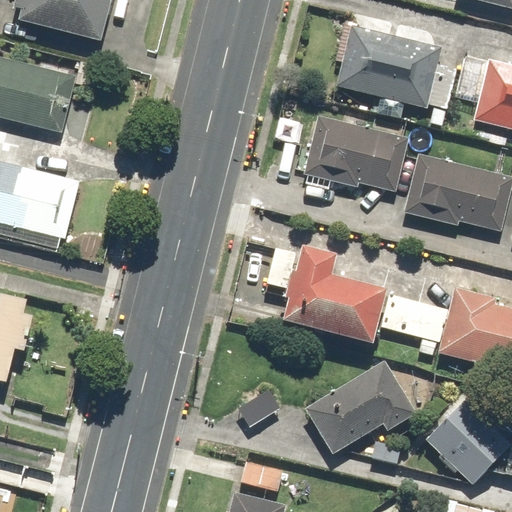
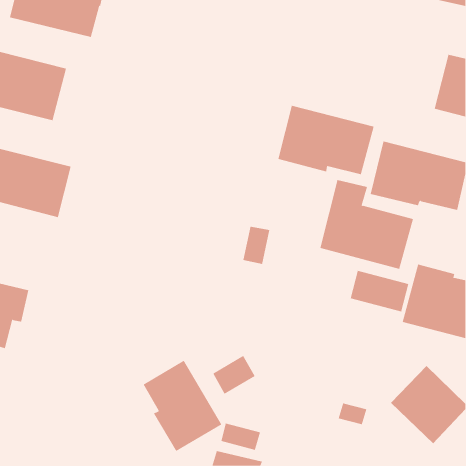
building: [336,25,442,108] -> none
building: [285,247,388,345] -> [319,180,414,269]
building: [306,361,417,454] -> none
building: none -> [143,360,222,452]

